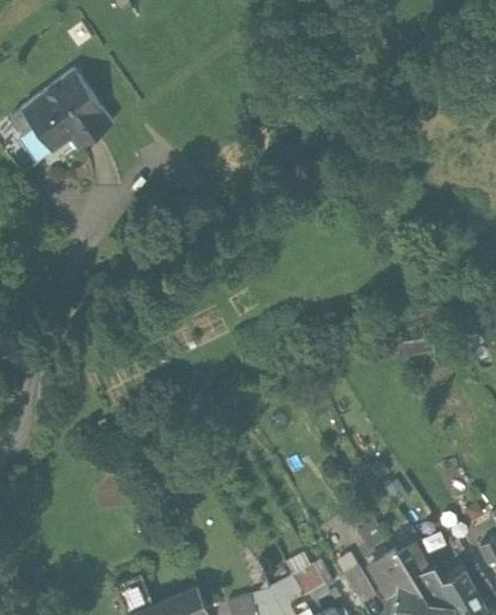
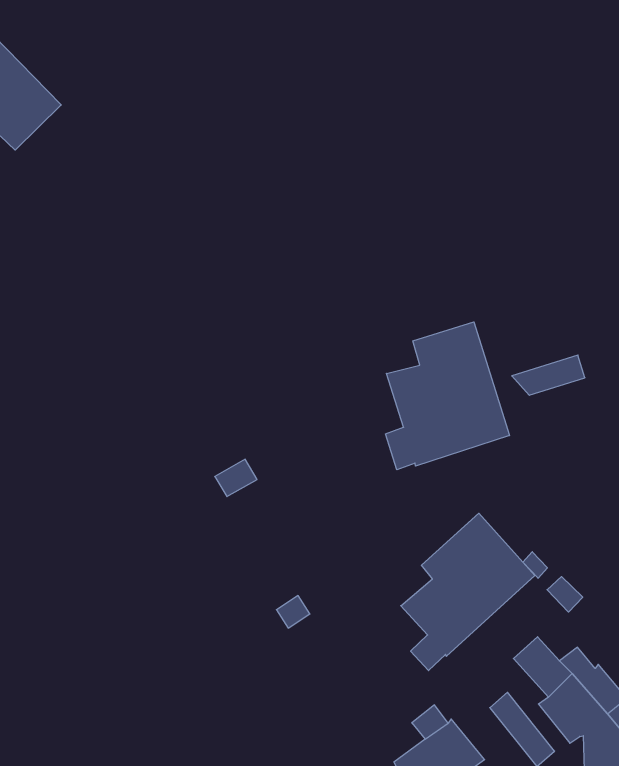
building: none -> [385,322,509,470]
building: none -> [401,513,535,671]

